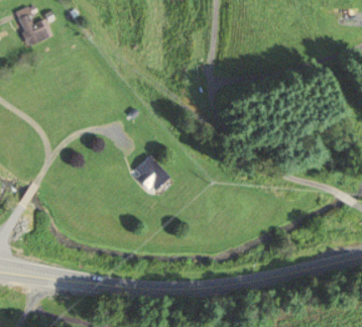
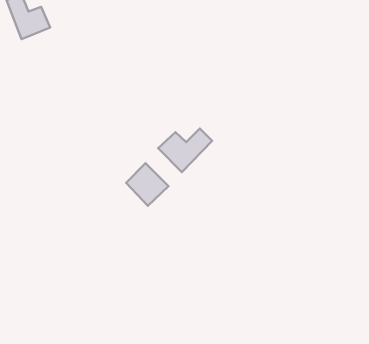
building: none -> [158,129,212,172]

